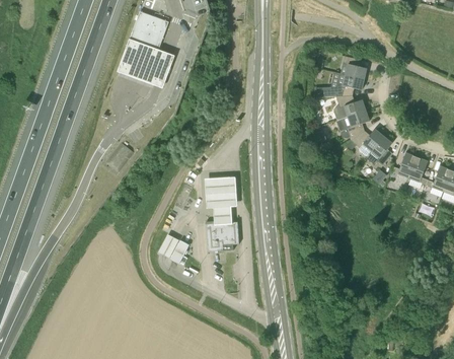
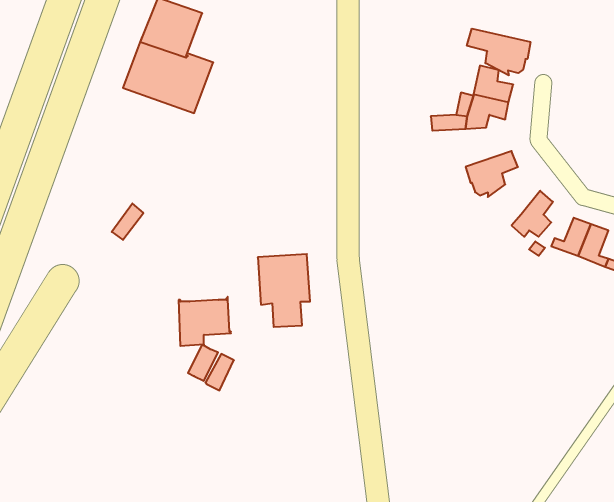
building: none -> [467,29,530,75]
building: [333,95,366,121] -> none
building: [351,129,384,151] -> none
building: [207,220,240,252] -> [179,297,231,346]

